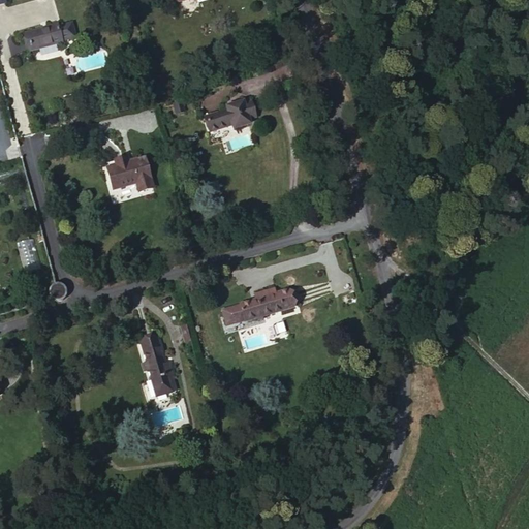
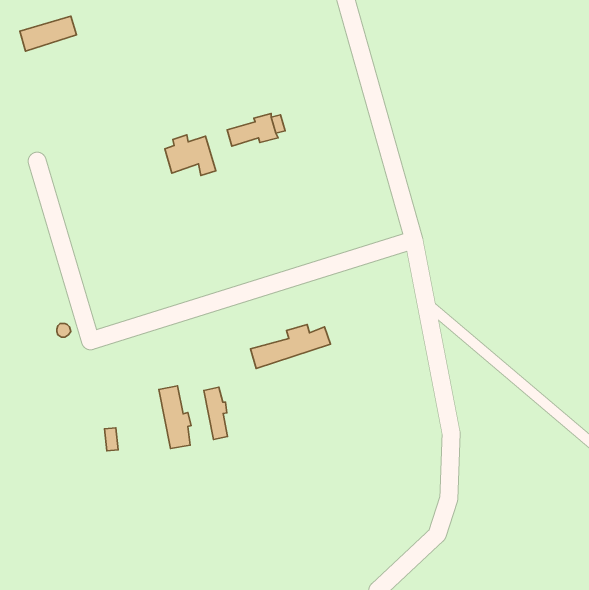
building: [98,151,144,187] -> [165,135,216,176]
building: none -> [204,387,228,439]

